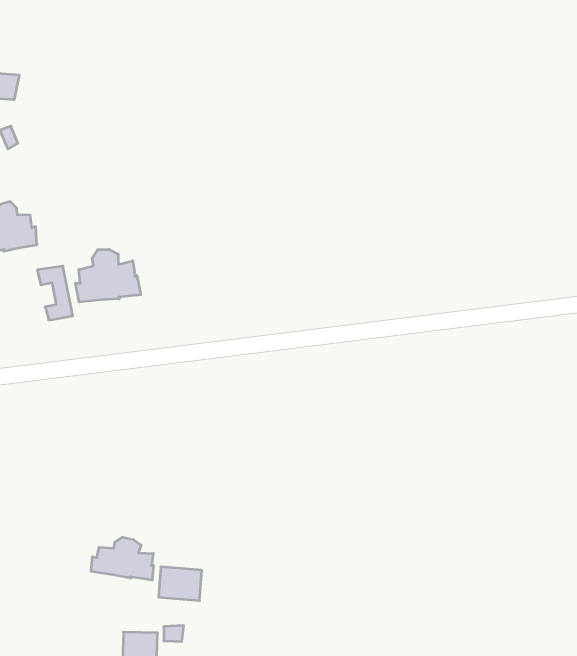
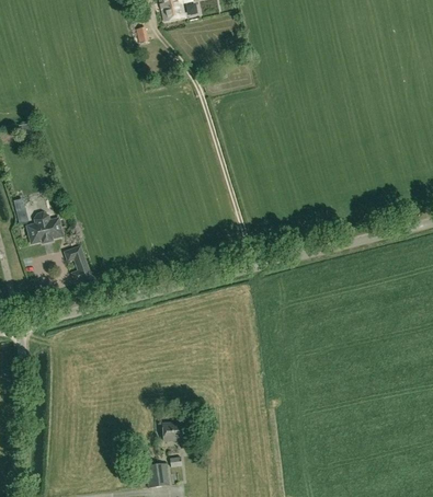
building: [76,249,141,302] -> none
building: [91,537,153,580] -> none

